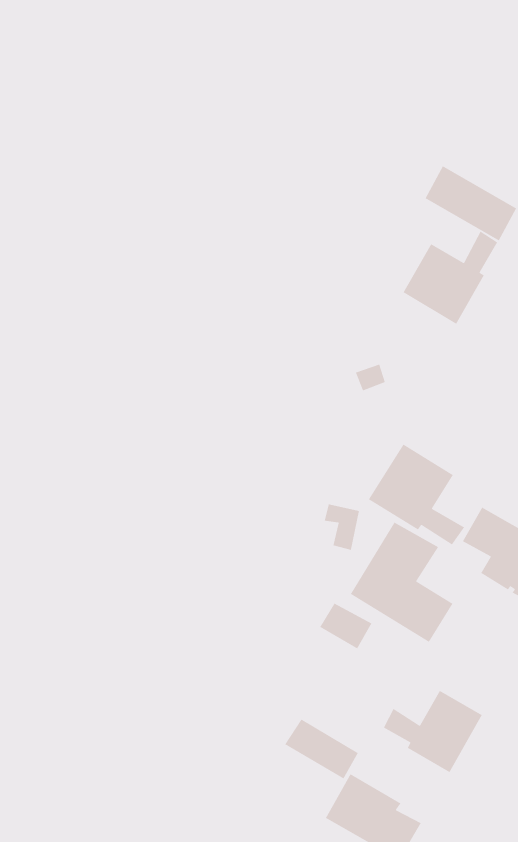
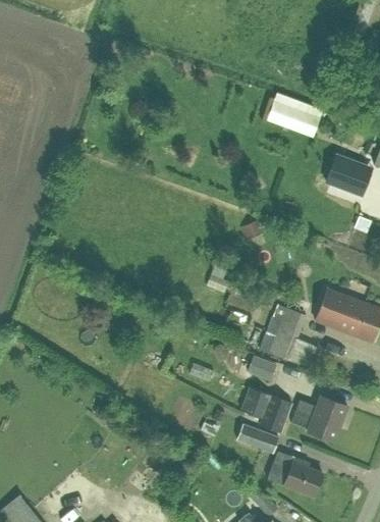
building: [402,231,498,325] -> none
building: [368,444,465,545] -> none
building: none -> [242,387,293,434]

